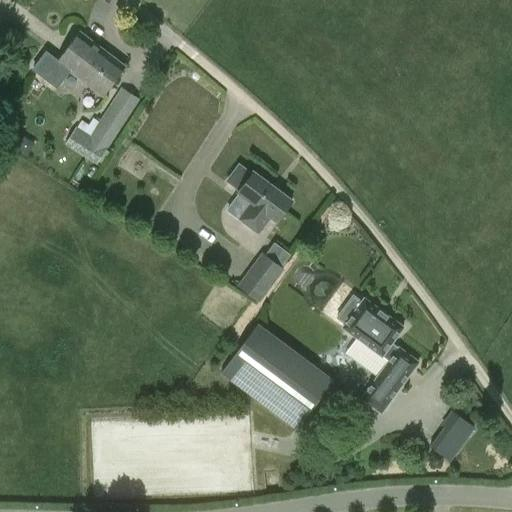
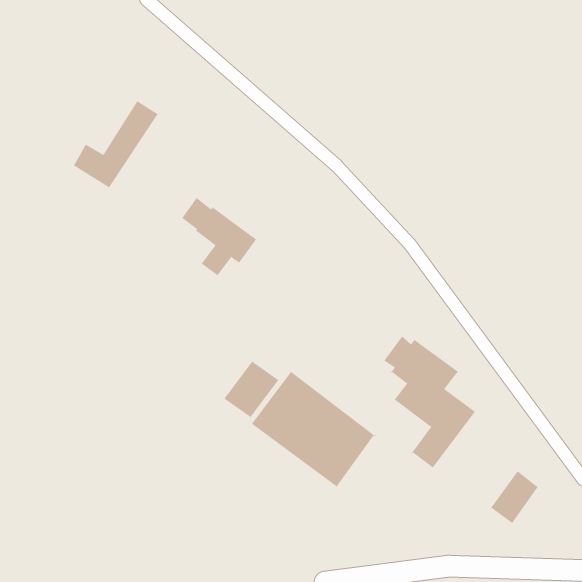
building: [33,31,125,97] -> none
building: [226,162,292,231] -> [181,197,257,276]
building: [237,252,286,302] -> [223,361,279,418]

